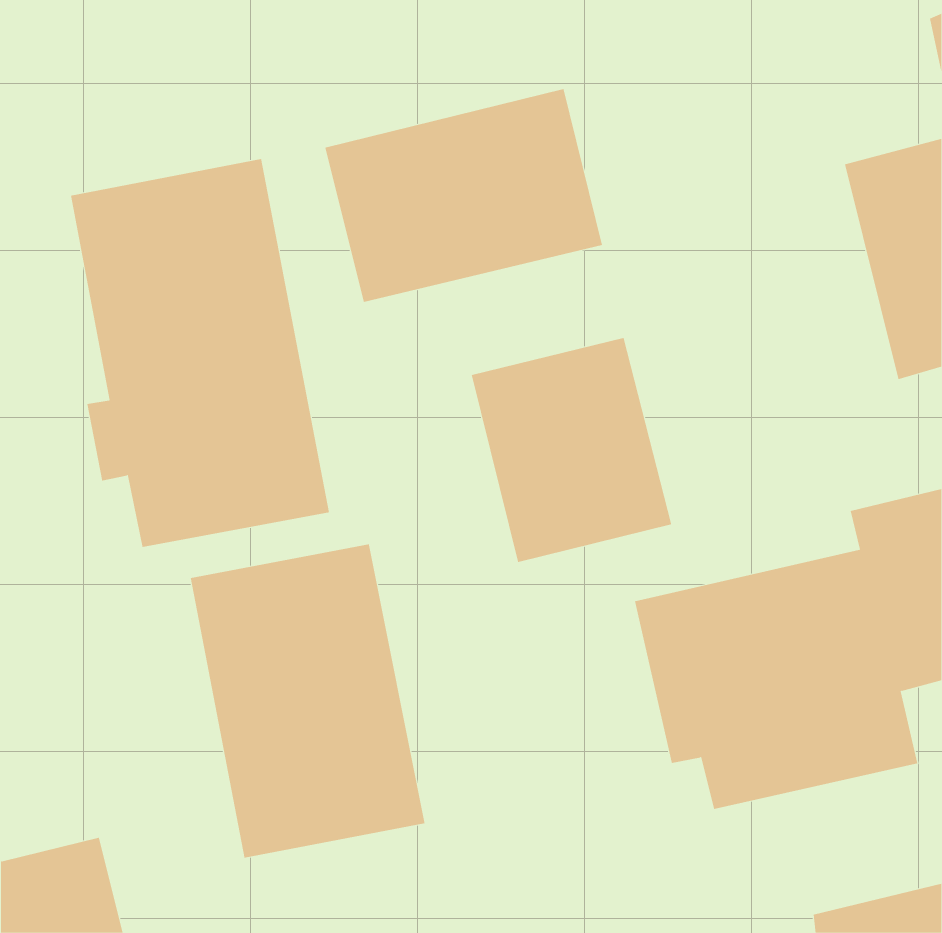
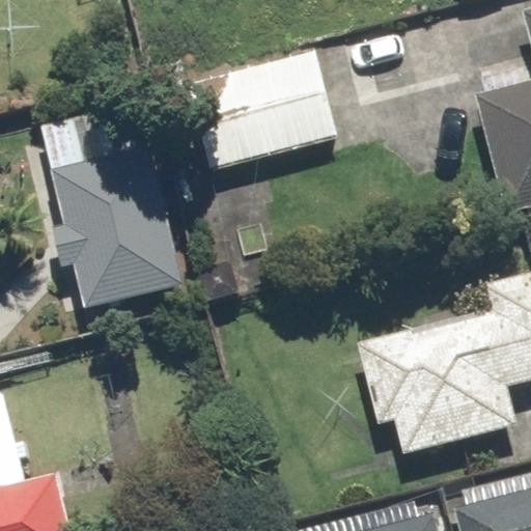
building: [471,337,672,563] -> none
building: [190,544,425,859] -> none

